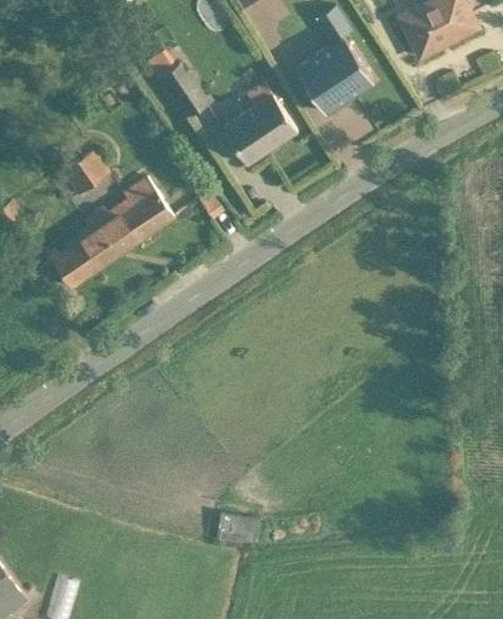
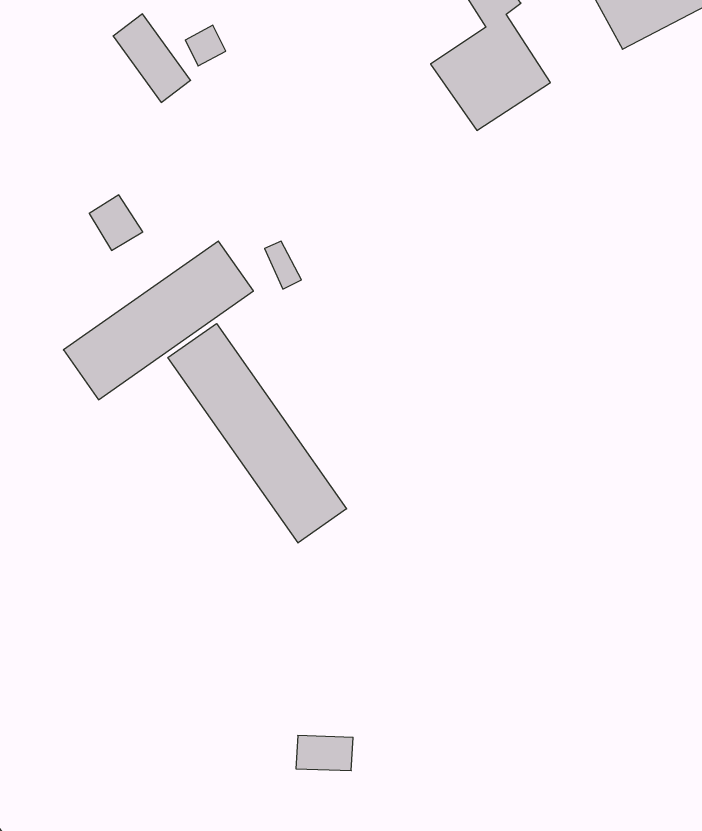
building: [155,60,206,118] -> [113,14,191,102]
building: [222,93,299,164] -> none
building: none -> [168,324,347,543]

